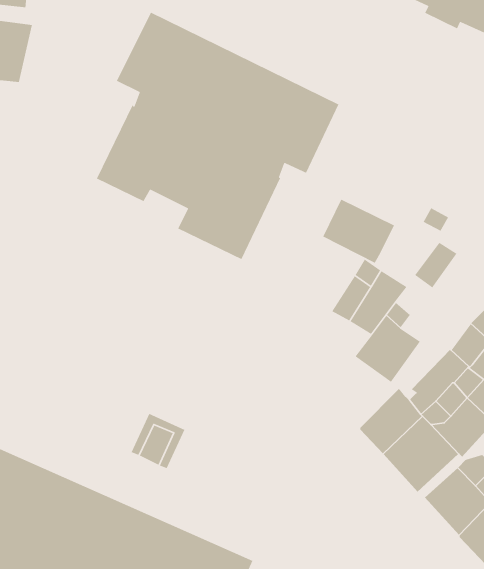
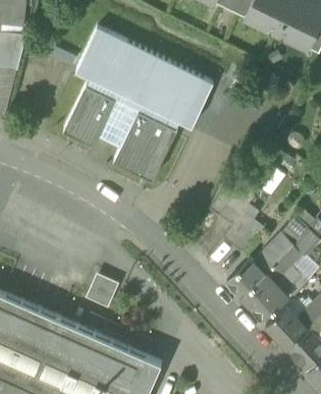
building: [322,199,395,264] -> none

